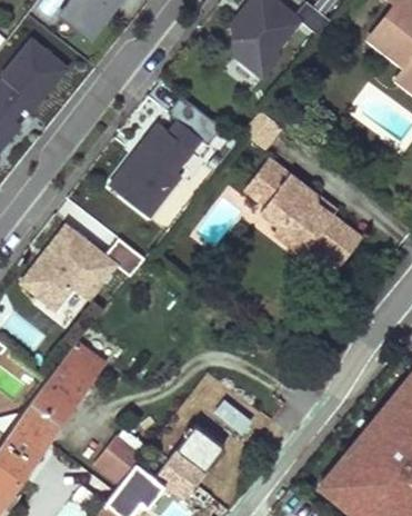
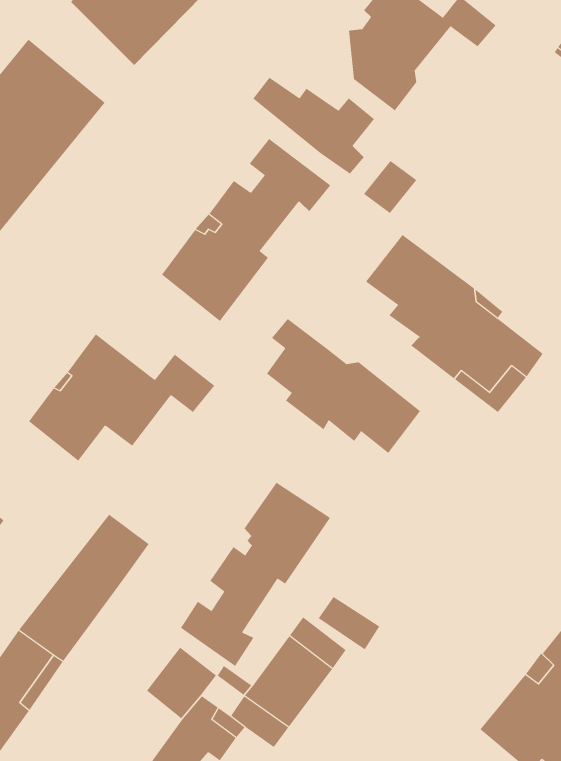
building: none -> [252,77,375,174]
building: none -> [266,318,421,454]
building: none -> [180,482,331,667]

